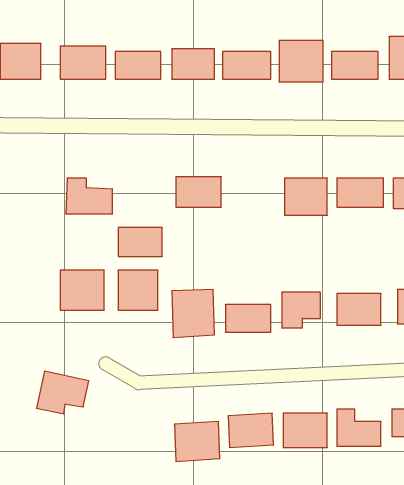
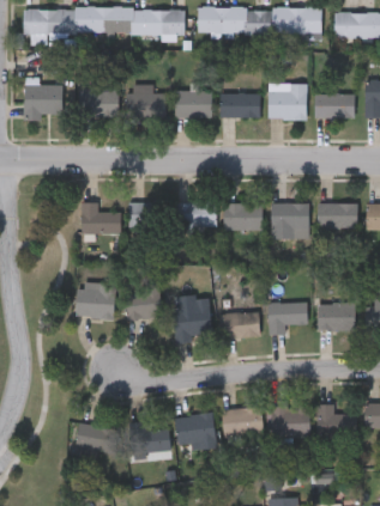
building: none -> [223,203,261,230]
building: [118,228,162,256] -> [128,202,167,227]
building: [36,371,89,414] -> [72,422,117,459]
building: none -> [127,422,168,456]

